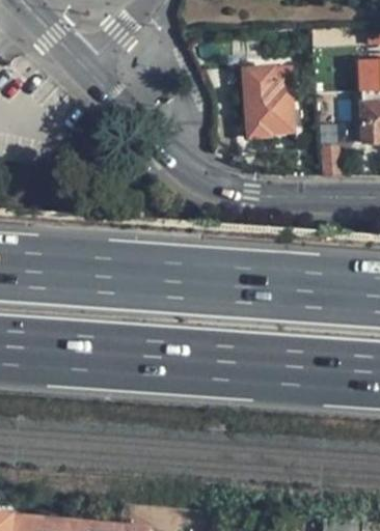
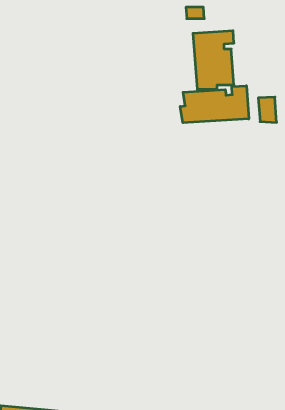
building: none -> [180,86,249,123]

